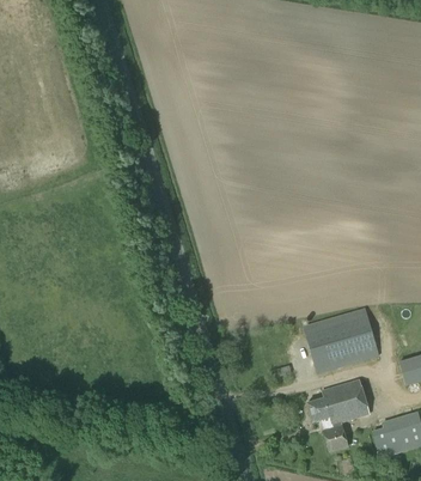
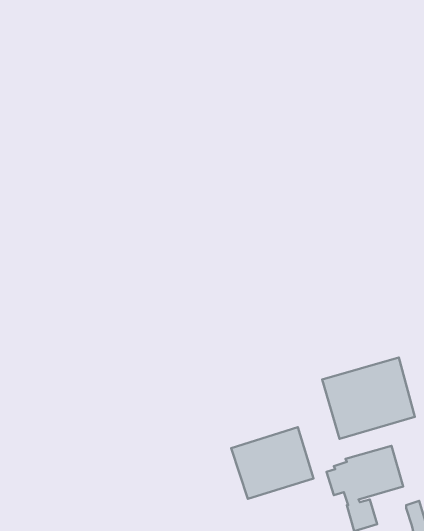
building: none -> [231,427,313,499]

